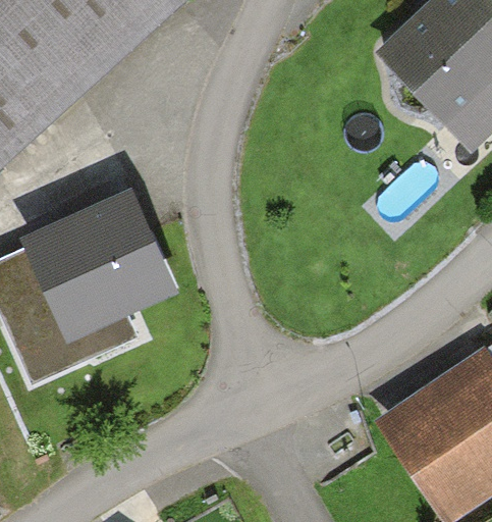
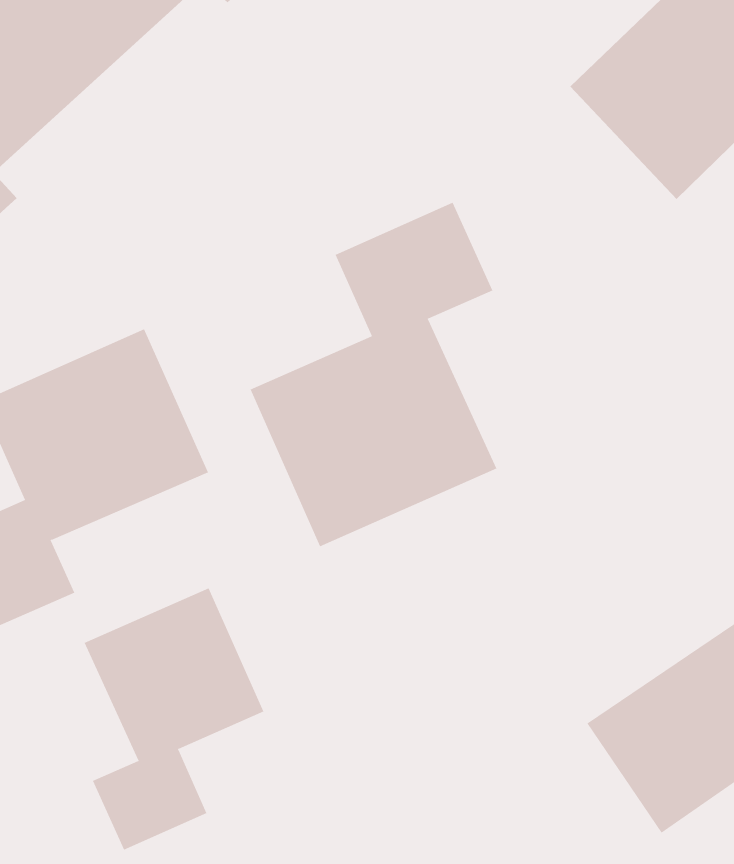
building: none -> [250,202,497,547]
building: none -> [84,588,264,851]

